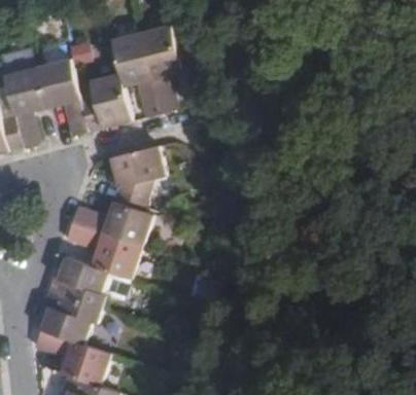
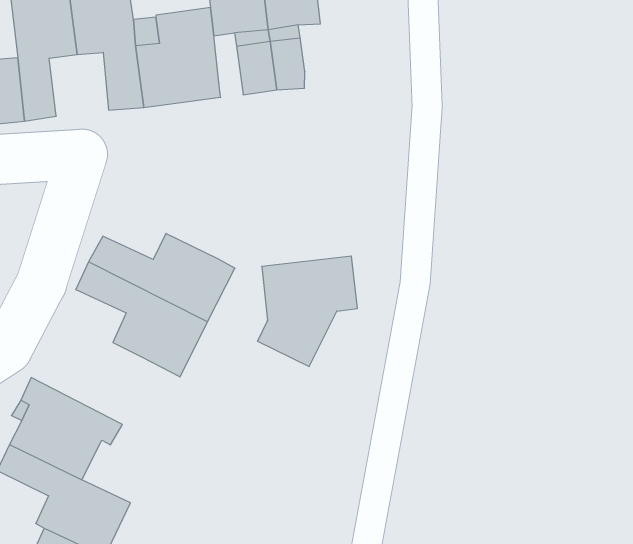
building: [108,147,165,212] -> [257,256,357,366]
building: [46,258,107,312] -> none

